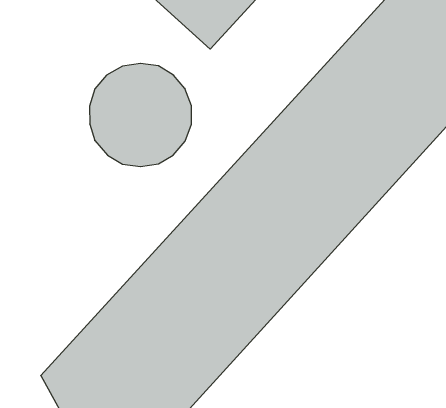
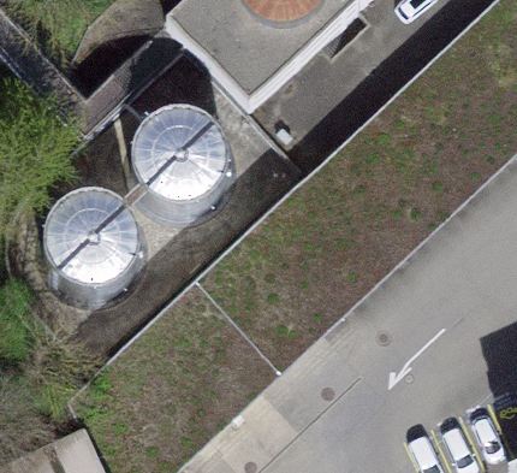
building: none -> [61,185,158,282]

